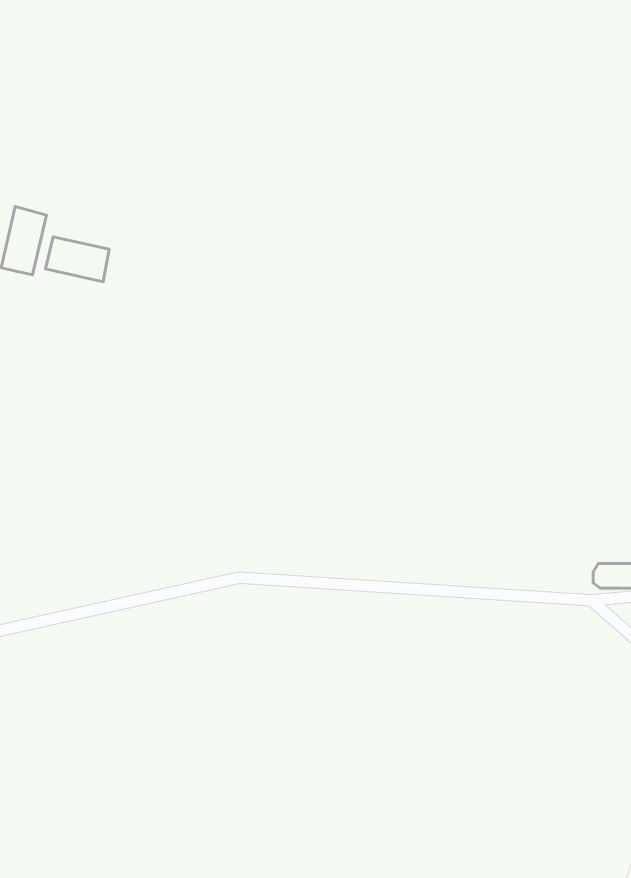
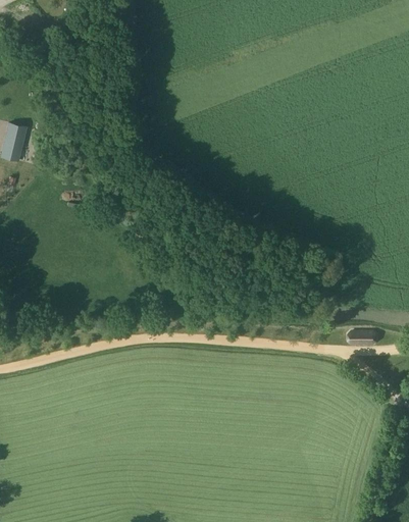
building: [46,237,109,282] -> none

